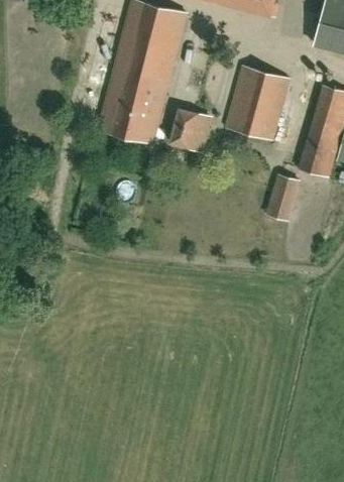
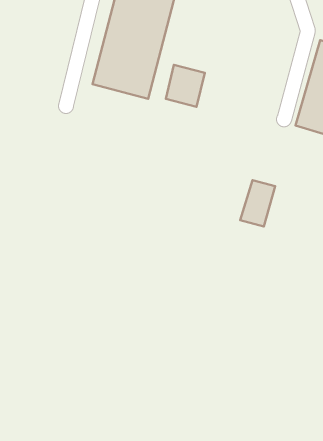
building: [225,67,289,142] -> none
building: [264,174,299,220] -> [240,180,275,226]

